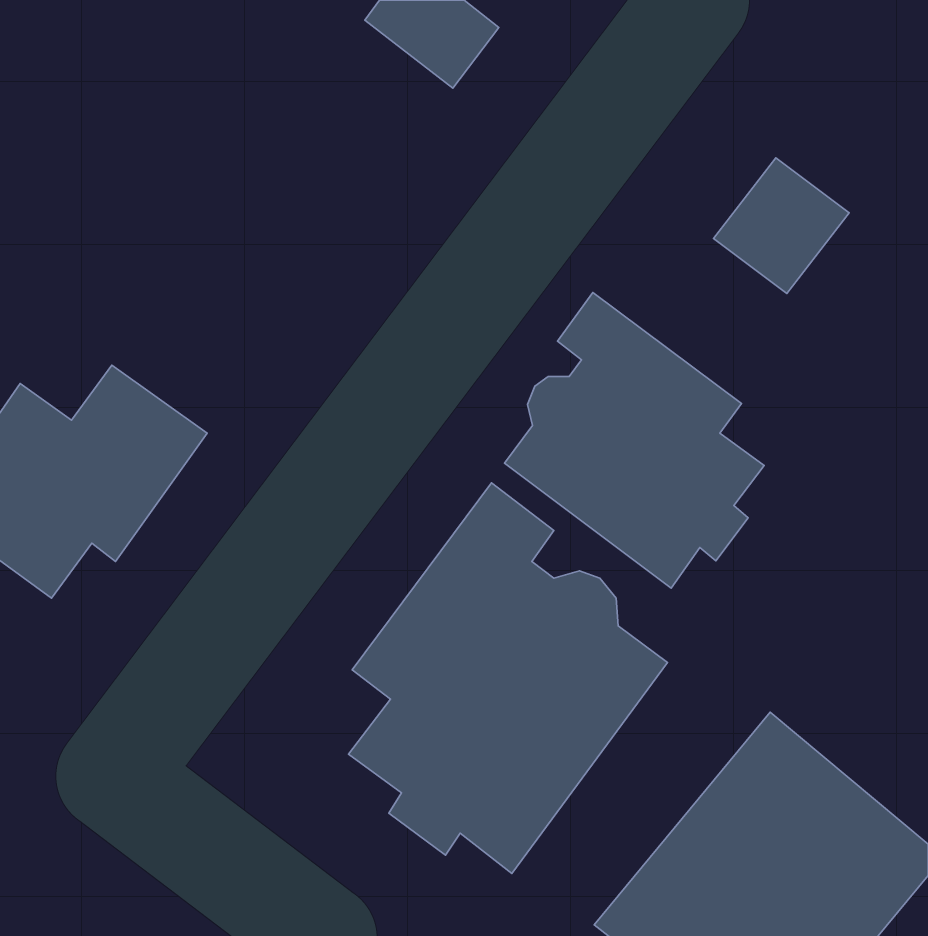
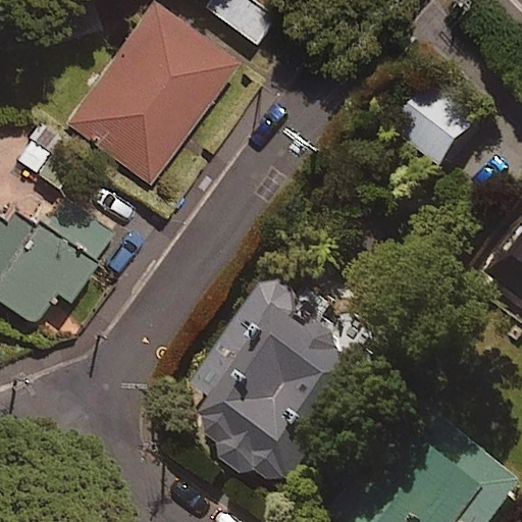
building: none -> [61,9,230,190]
building: [504,293,764,588] -> none

